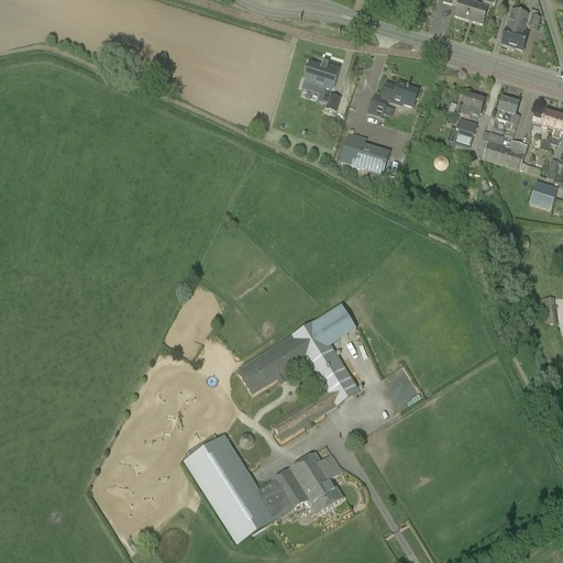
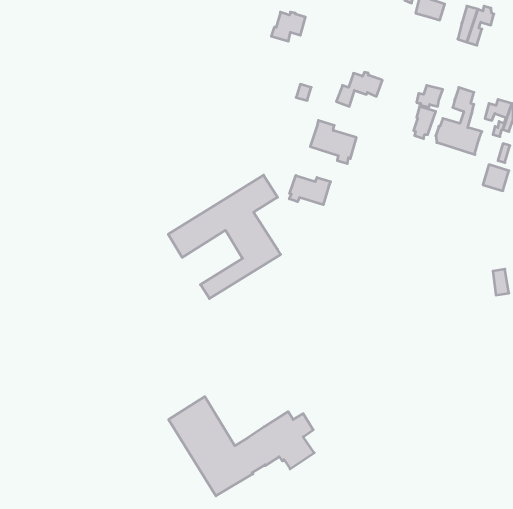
building: [301,62,339,93] -> [271,12,305,41]
building: none -> [289,175,331,205]
building: [236,303,360,439] -> [168,175,281,299]

